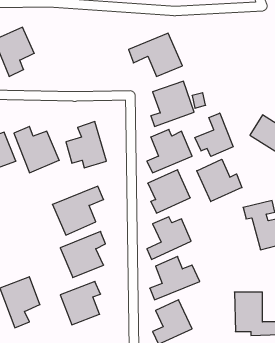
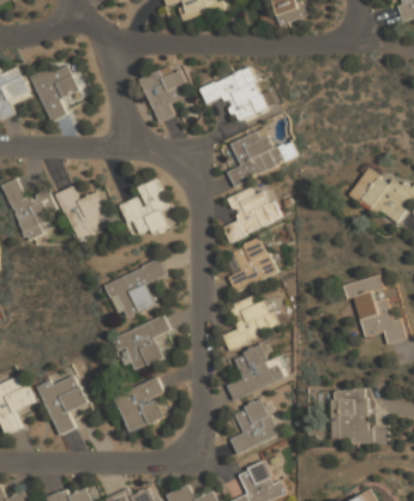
building: none -> [139,67,188,123]
building: [195,113,233,156] -> none
building: [197,159,242,202] -> none

